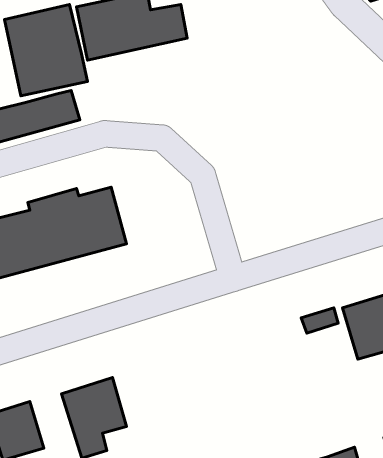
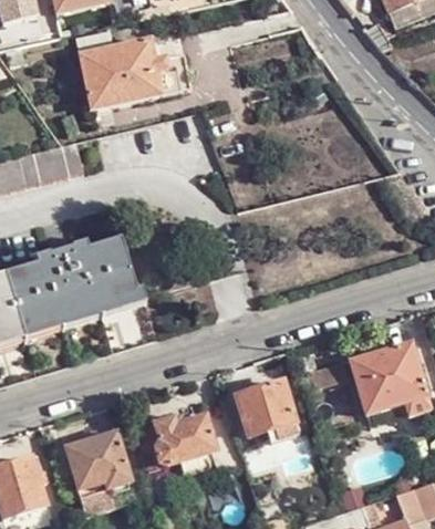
building: [4,5,88,96] -> none
building: none -> [235,382,298,443]
building: none -> [136,416,216,471]

